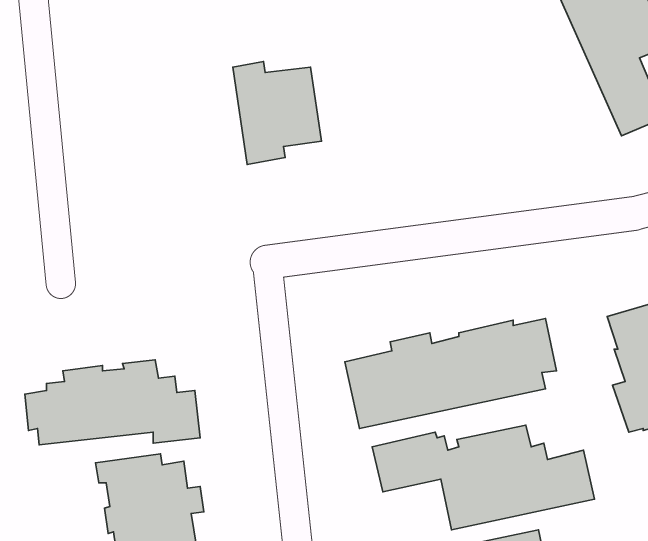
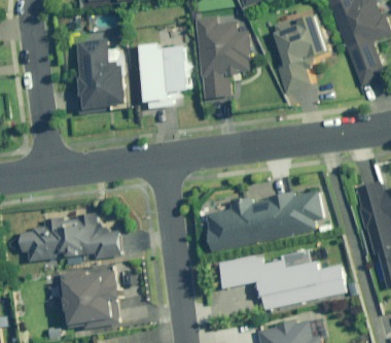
building: none -> [272,13,332,95]
building: none -> [192,14,250,99]
building: none -> [73,38,127,110]

